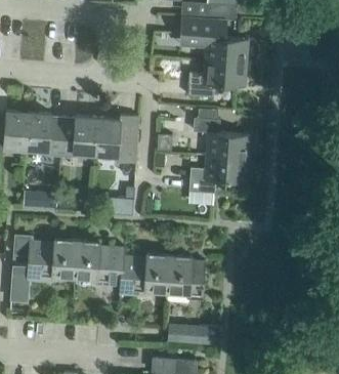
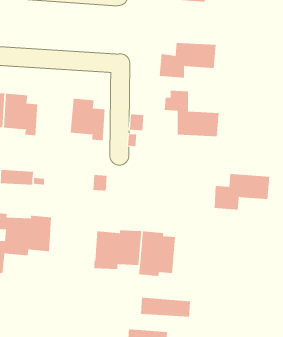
building: [180,22,248,63] -> none
building: [60,116,98,158] -> none
building: [189,156,248,194] -> [214,174,270,210]
building: [75,241,124,286] -> none

